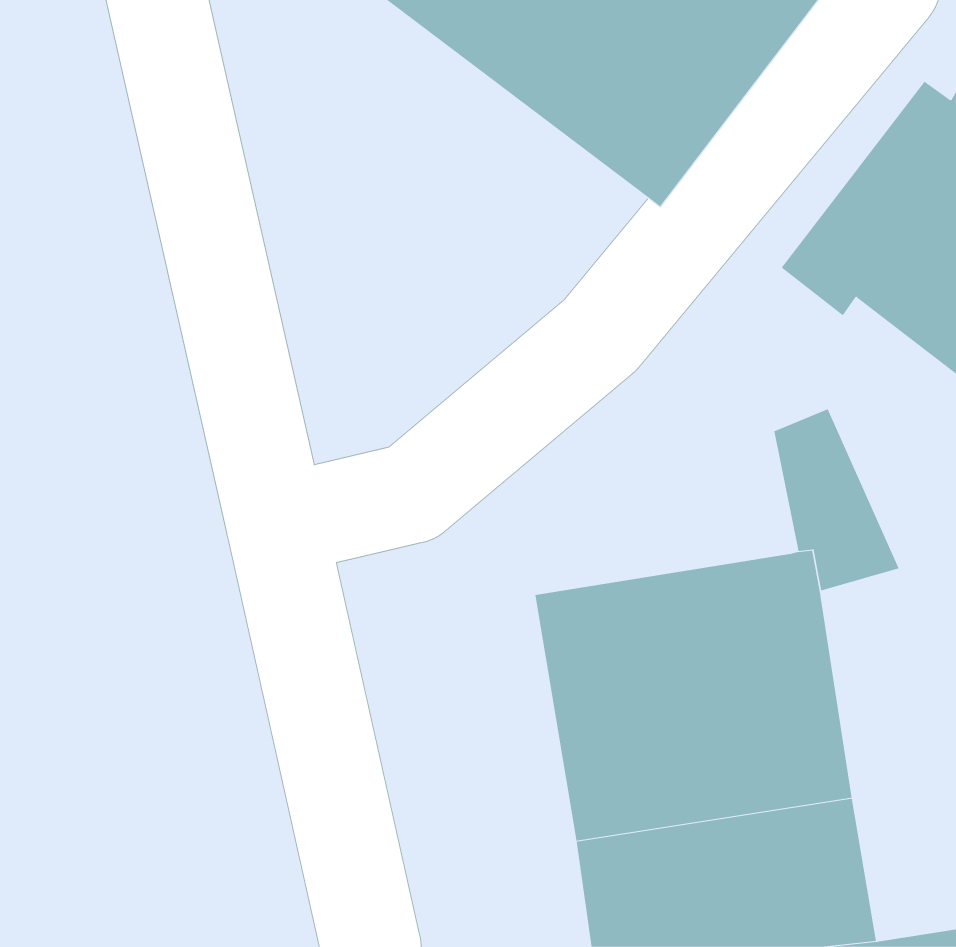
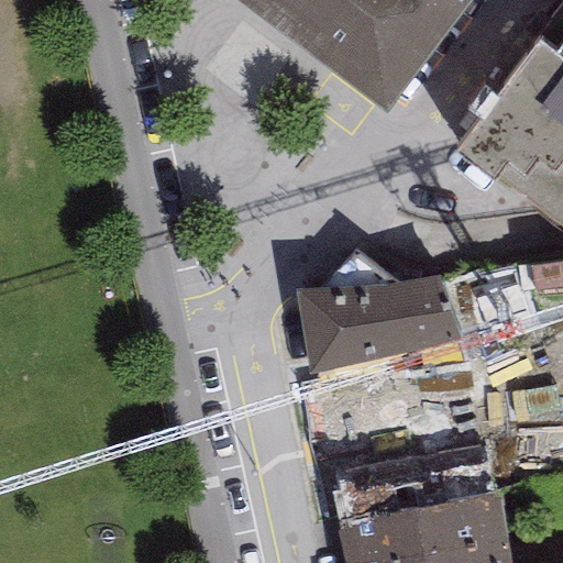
building: none -> [301,240,465,347]

